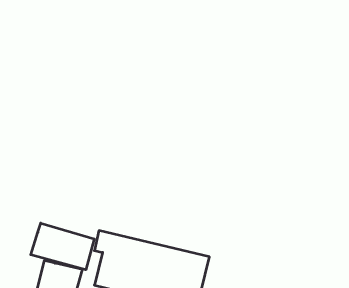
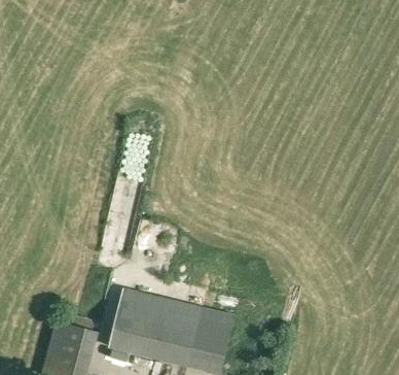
building: [31,223,94,270] -> none

